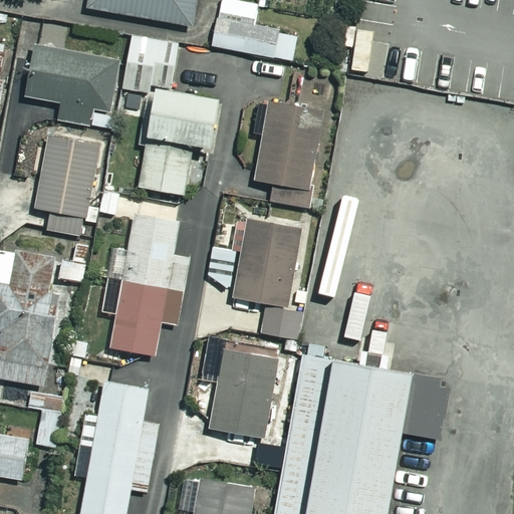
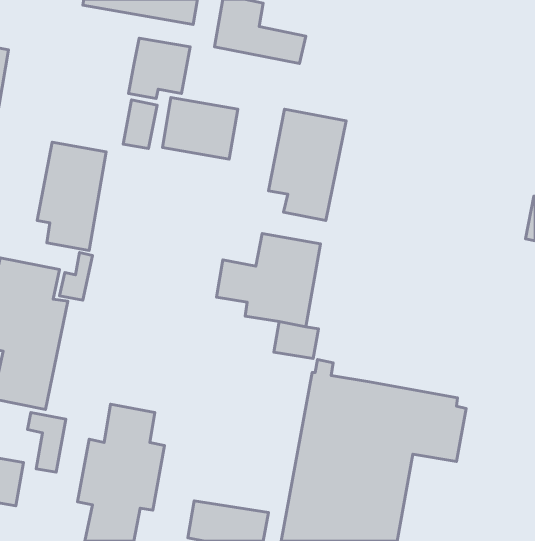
building: [24,44,126,130] -> none
building: [140,147,193,196] -> none
building: [103,216,189,356] -> none
building: [208,352,276,443] -> none

